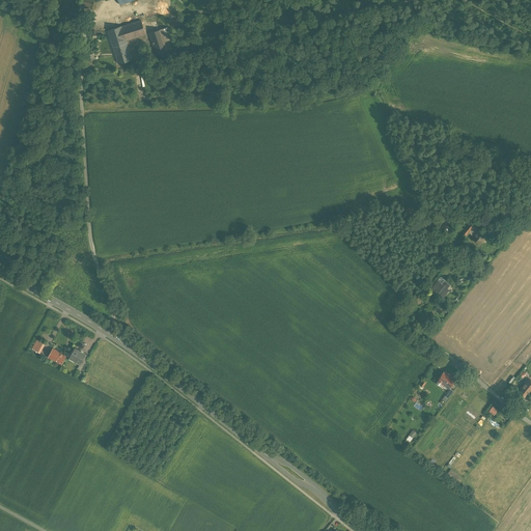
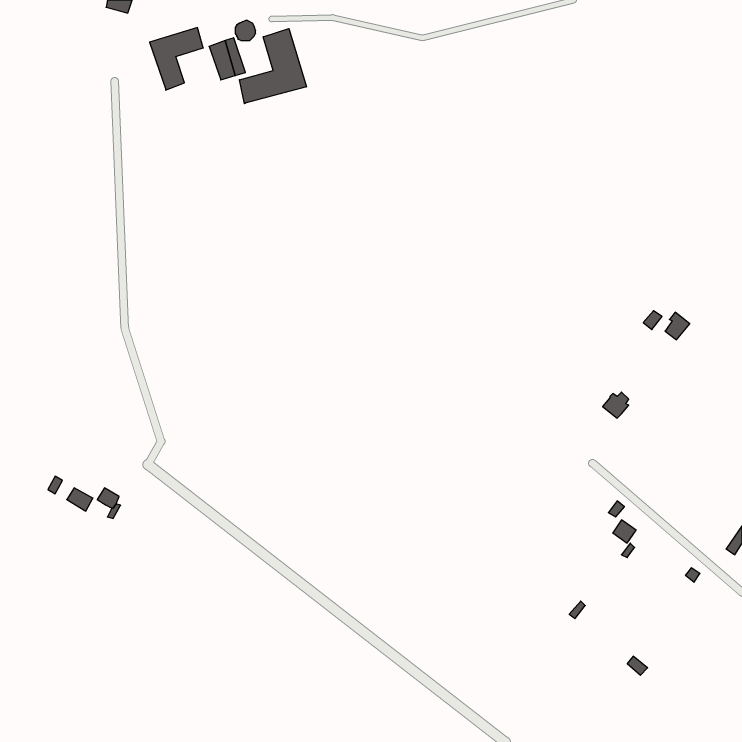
building: none -> [239,29,306,104]

